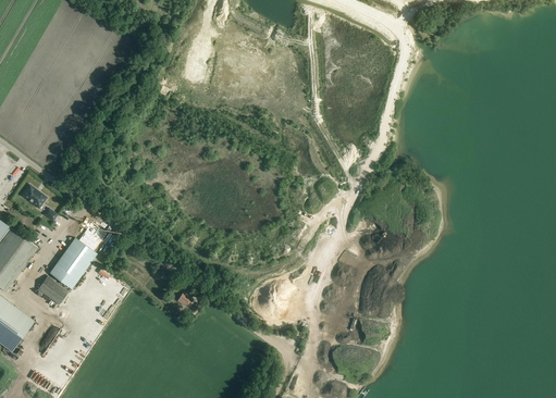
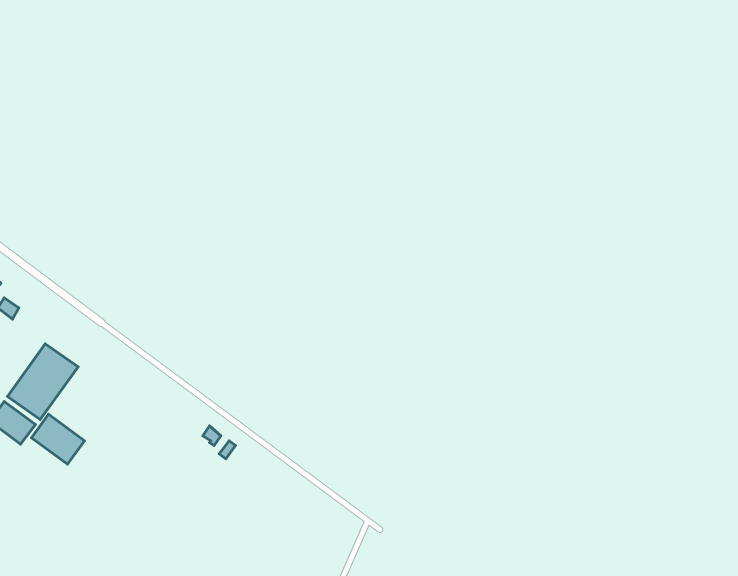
building: none -> [32,414,84,464]

